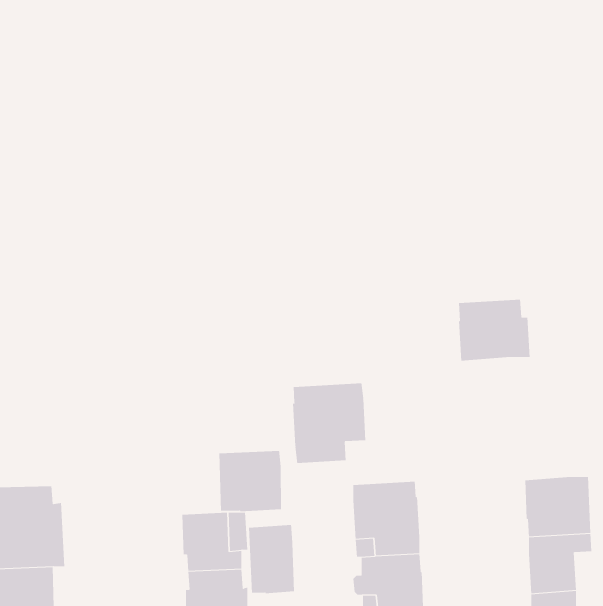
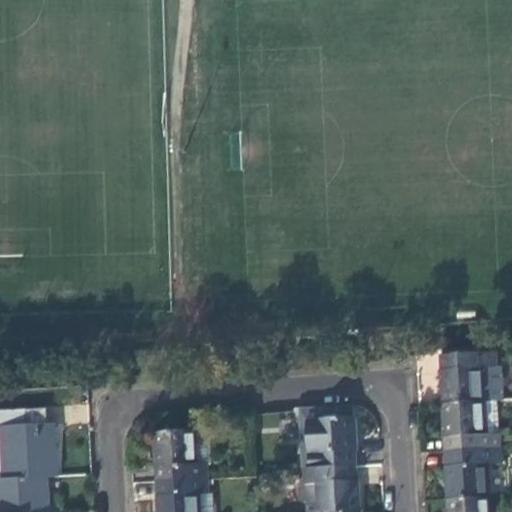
building: [458,299,530,361] -> [440,353,501,405]
building: [293,383,366,464] -> none
building: [219,450,282,512] -> none
building: [249,524,294,594] -> none

